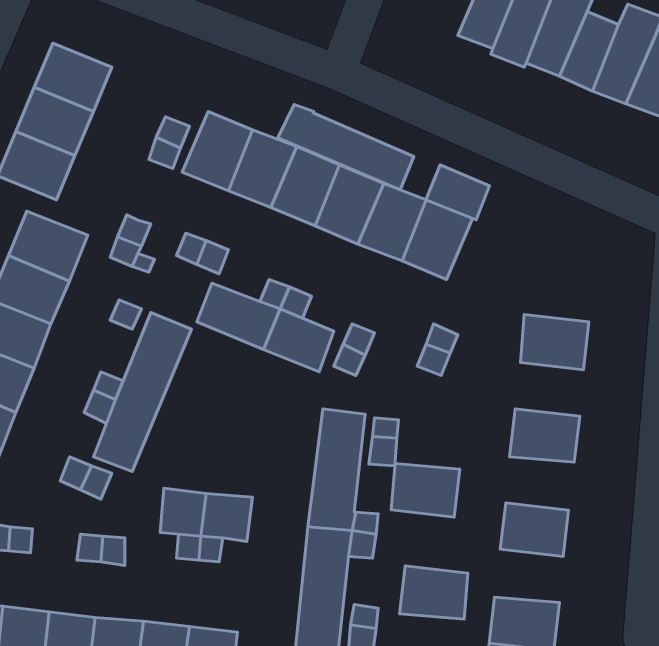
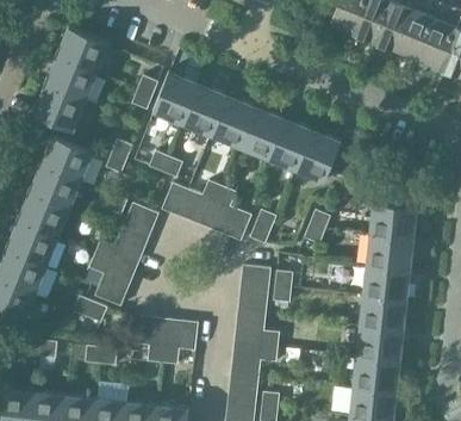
building: [278,104,414,190] -> none
building: [426,165,489,220] -> none
building: none -> [367,235,411,270]
building: [391,464,460,517] -> [361,296,405,330]
building: [400,566,468,619] -> [354,355,398,390]

